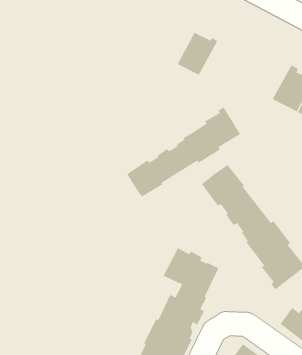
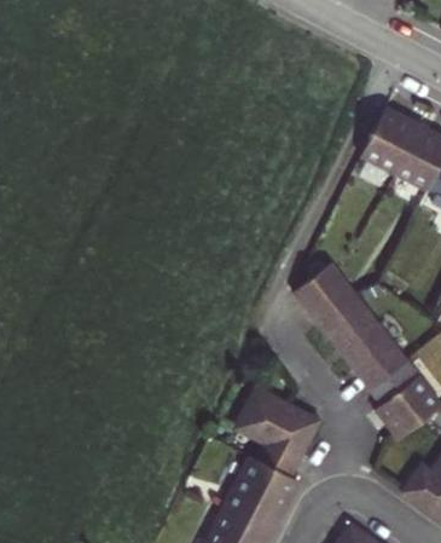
building: [177,32,218,76] -> [362,117,420,178]
building: [126,107,241,198] -> none

